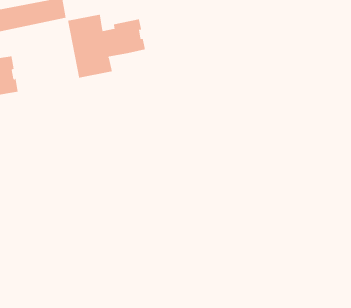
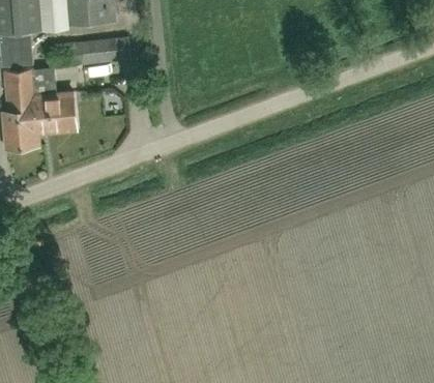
building: [67,14,145,78] -> none

